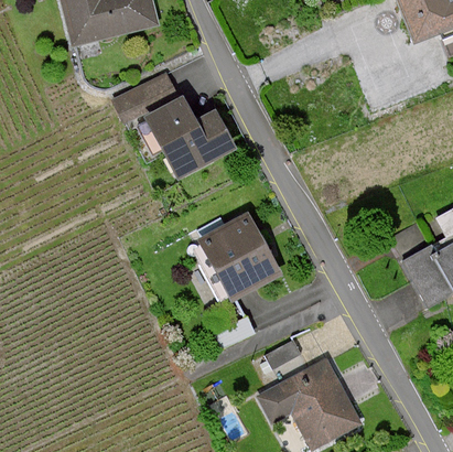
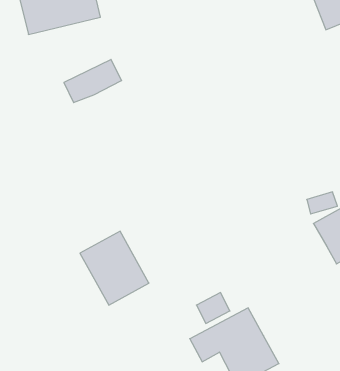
building: [148,96,233,175] -> none
building: [199,214,279,299] -> [80,231,149,305]

